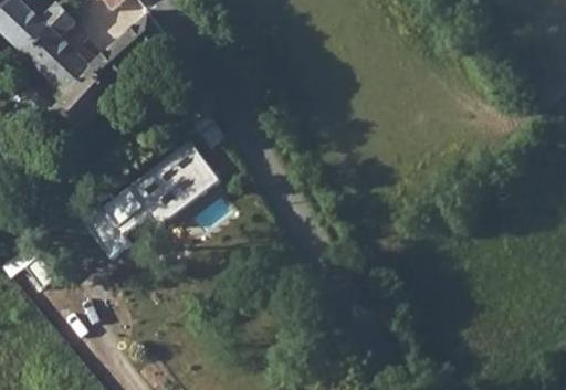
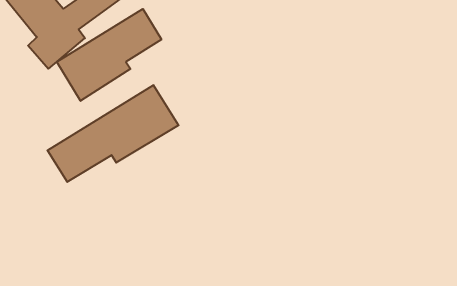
building: none -> [57,9,161,101]

